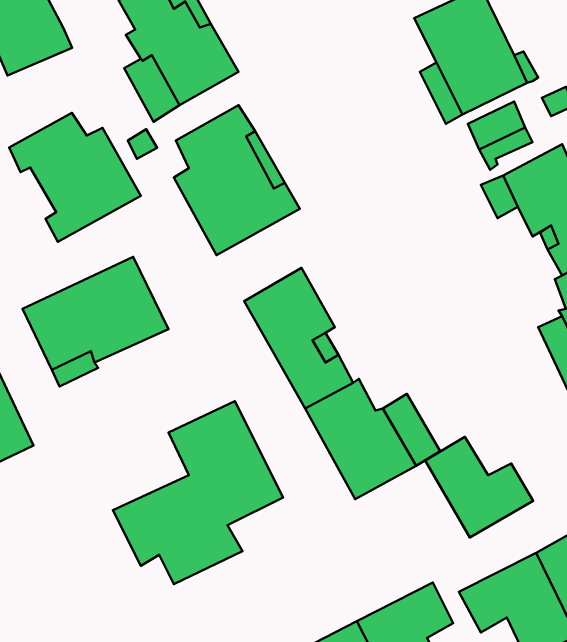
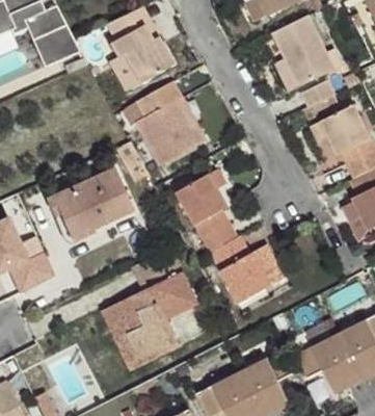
building: [9,113,141,242] -> none
building: [425,437,533,538] -> none
building: none -> [117,333,181,369]

